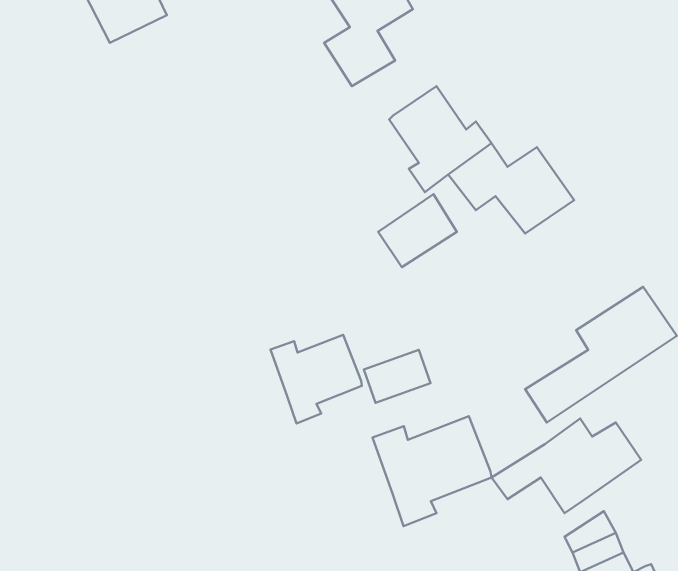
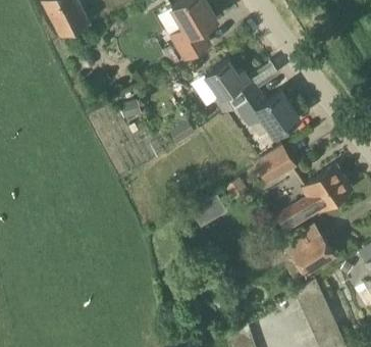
building: [378,194,457,267] -> [255,147,296,185]
building: [271,335,362,423] -> none
building: [372,416,492,526] -> none

